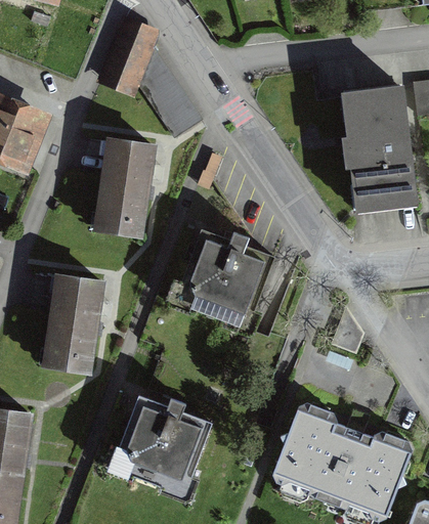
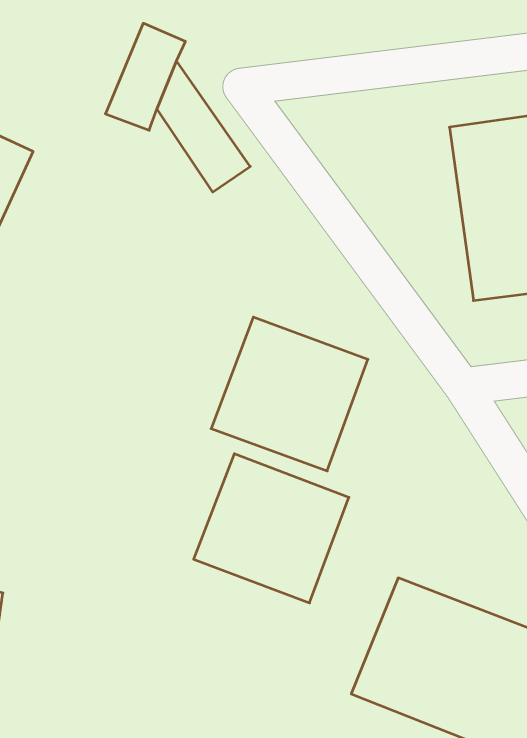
building: [93,137,158,236] -> none
building: [42,271,105,372] -> none
building: [109,391,214,492] -> [194,454,349,603]

